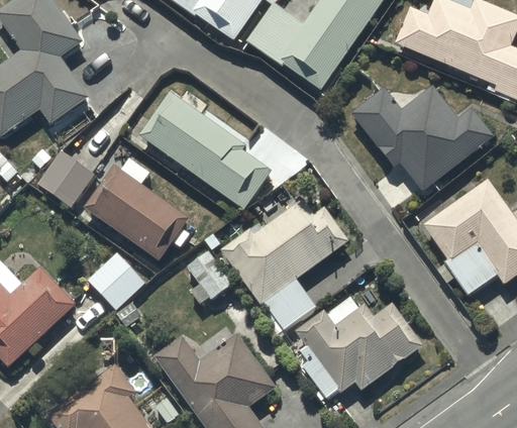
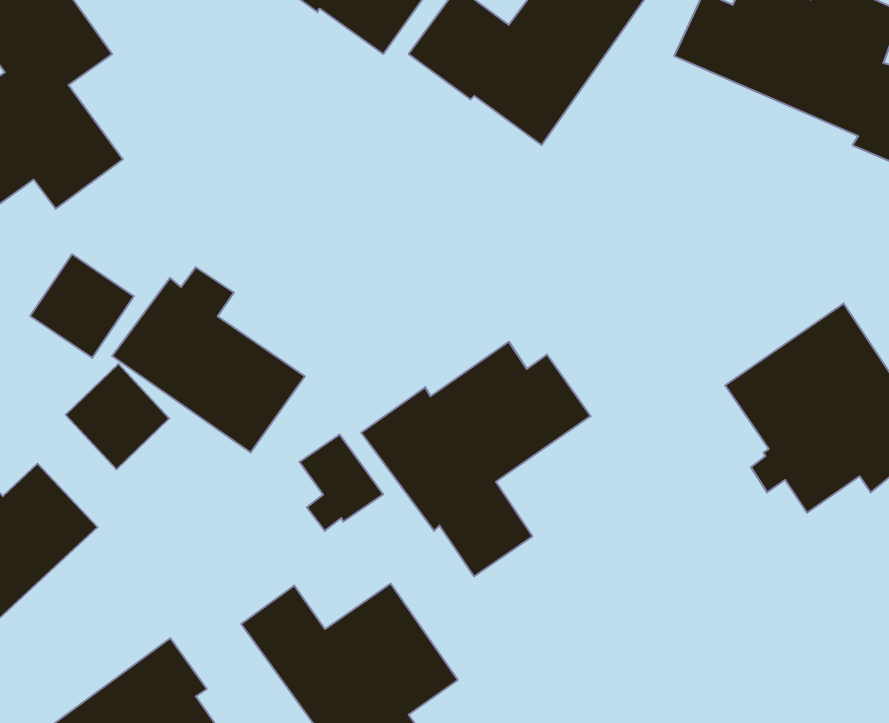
building: [350,85,493,191] -> none
building: [136,89,271,210] -> none
building: [87,252,144,311] -> [66,364,169,469]
building: [294,298,422,399] -> none

